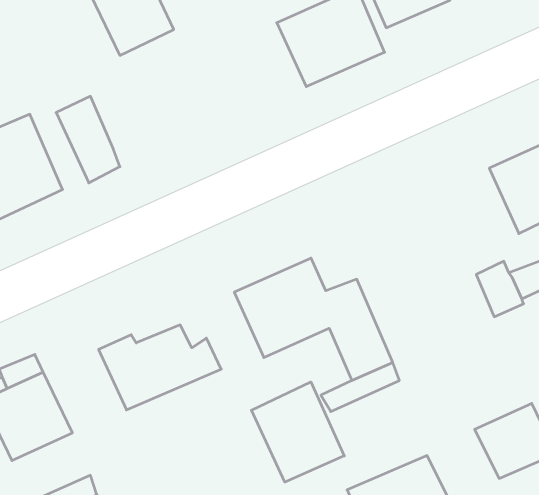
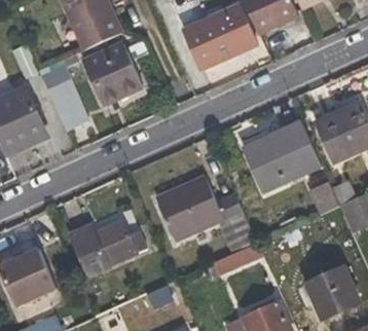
building: none -> [81,43,142,104]
building: none -> [245,122,320,188]
building: [251,382,344,482] -> none

